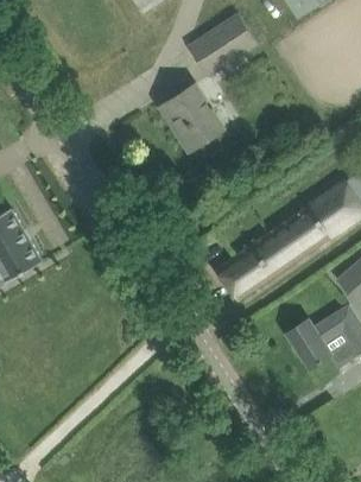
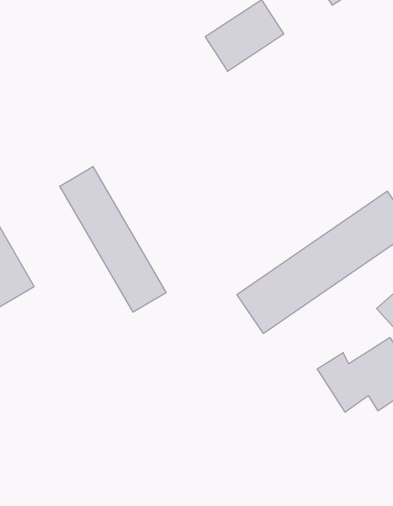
building: [165,84,222,150] -> none
building: none -> [60,167,166,312]

